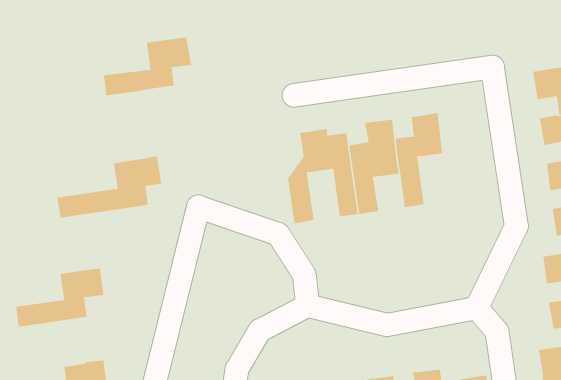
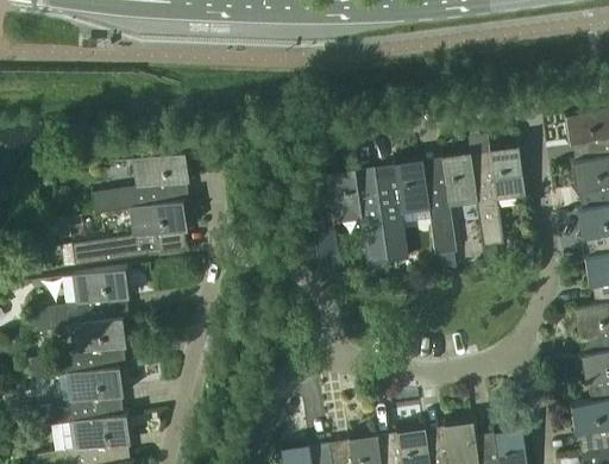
building: [103,37,192,96] -> [92,151,184,213]
building: none -> [473,149,525,247]
building: none -> [31,268,124,331]
building: none -> [26,366,119,428]

